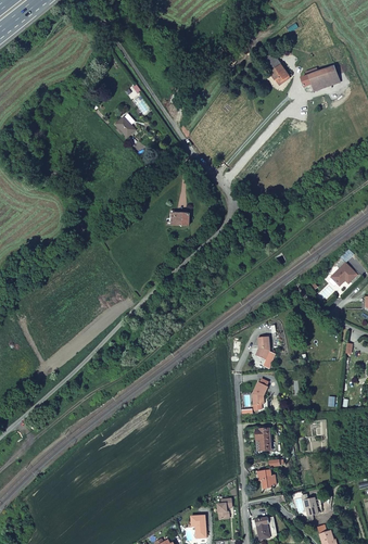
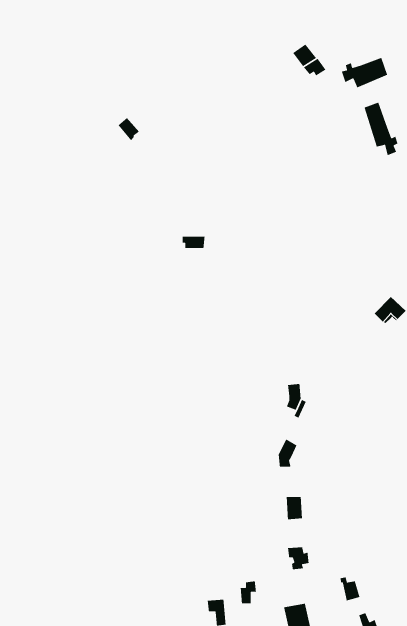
building: none -> [363,102,398,156]

